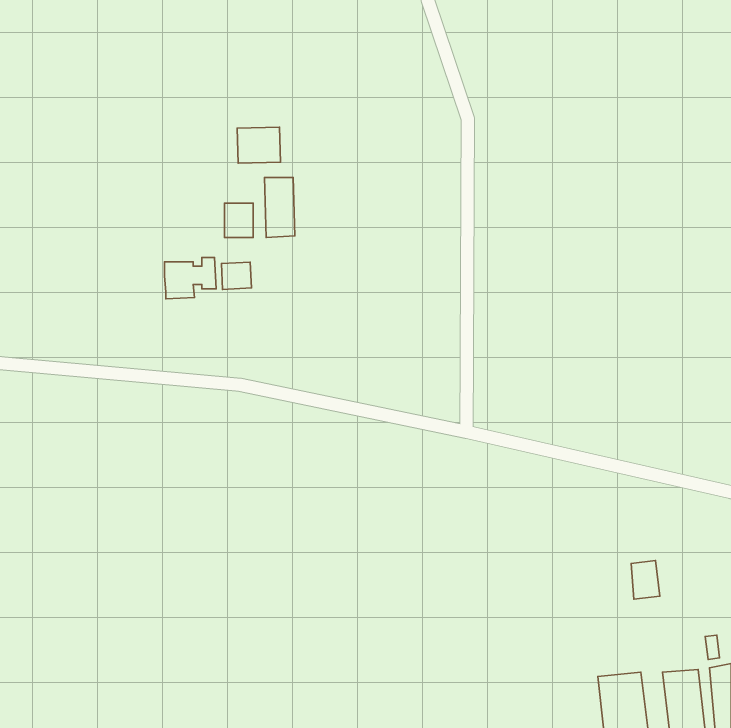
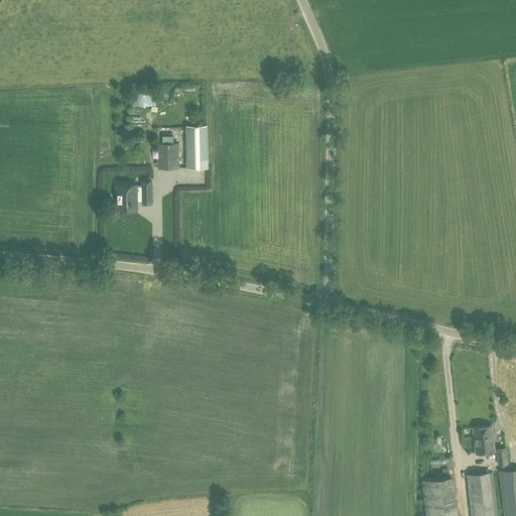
building: [237,127,280,163] -> none
building: [221,262,252,289] -> none
building: [631,561,660,599] -> [474,427,494,455]

